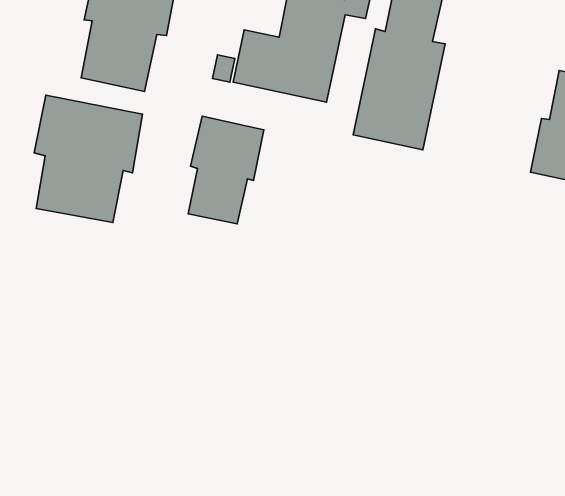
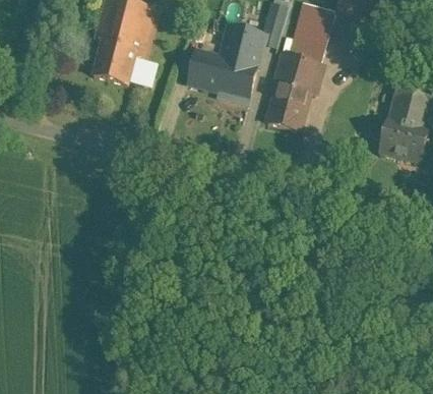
building: [34,95,143,222] -> none
building: [188,116,264,224] -> none

